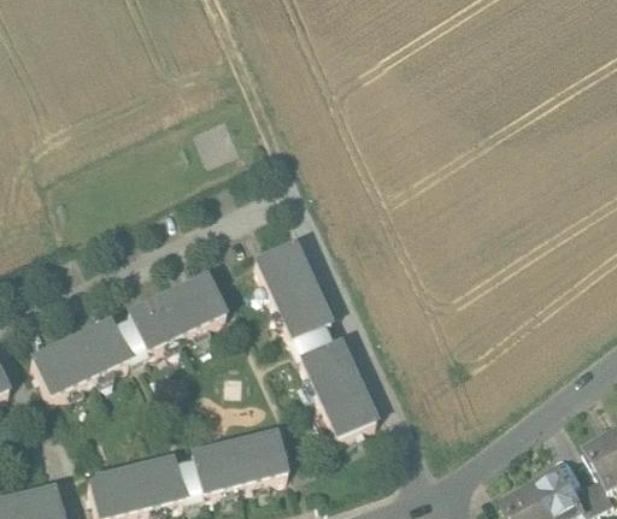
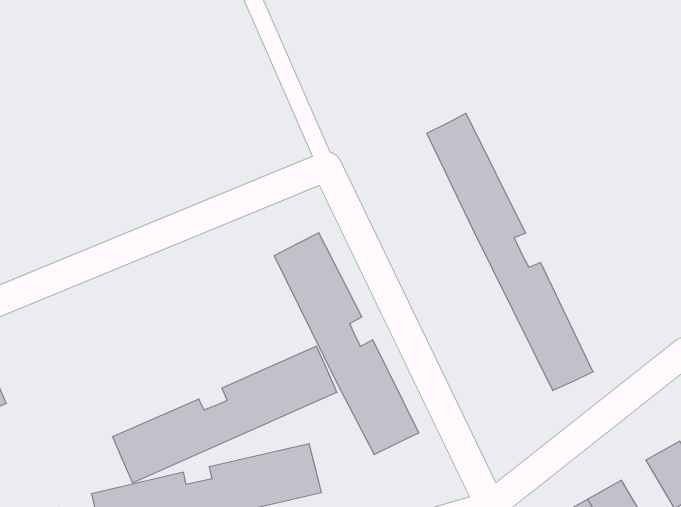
building: none -> [427,113,593,391]
building: [29,272,229,394] -> [112,346,337,483]

